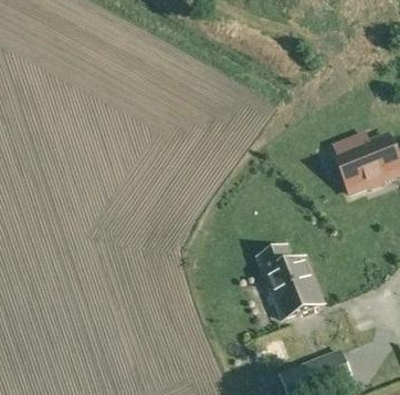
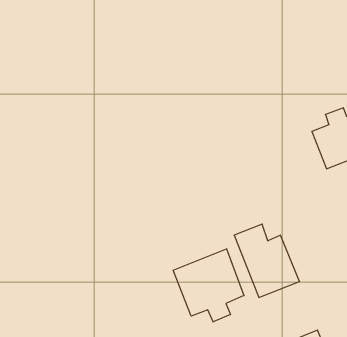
building: none -> [173,249,244,322]

